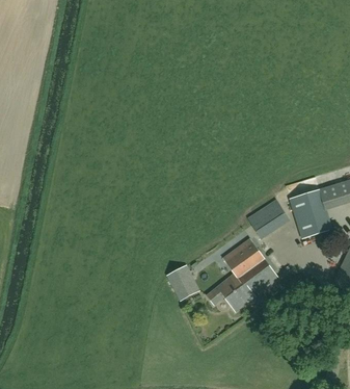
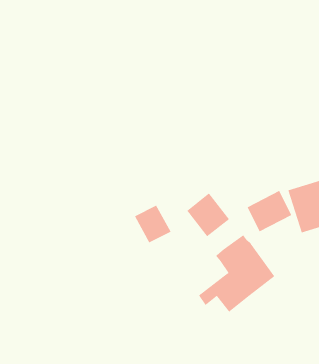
building: none -> [186,193,230,237]
building: [166,264,200,300] -> [134,205,171,243]

